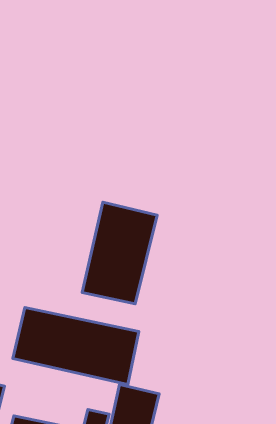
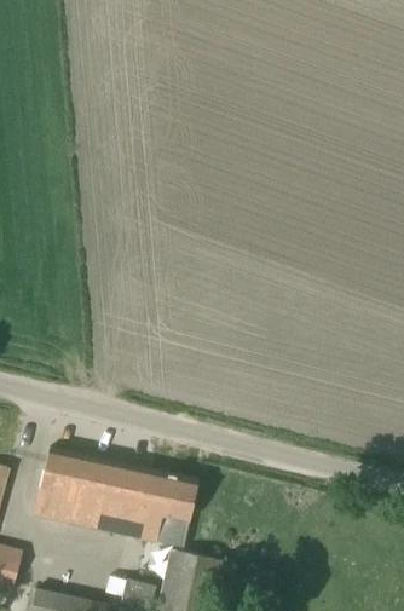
building: [82,202,157,304] -> none

